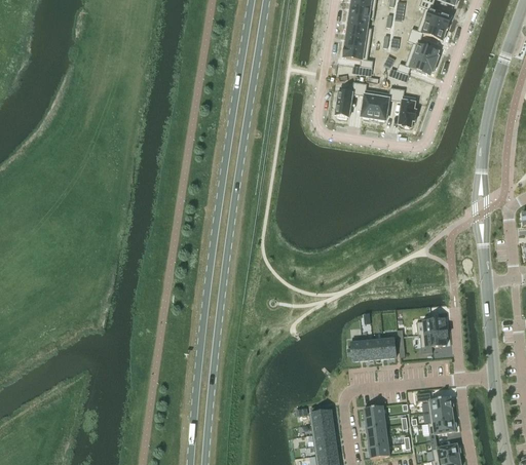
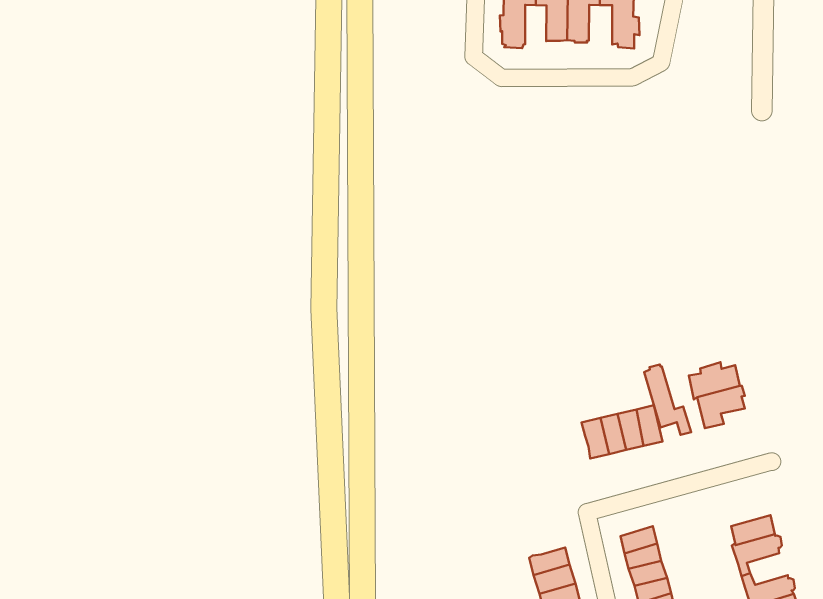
building: none -> [644,364,691,435]
building: [418,392,454,412] -> none

